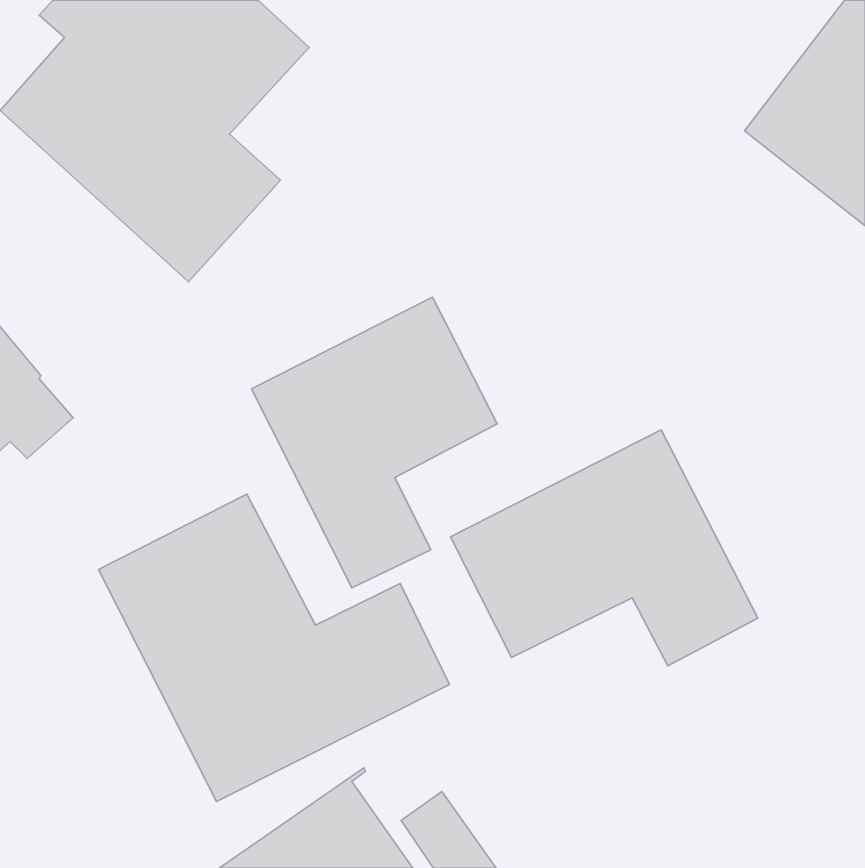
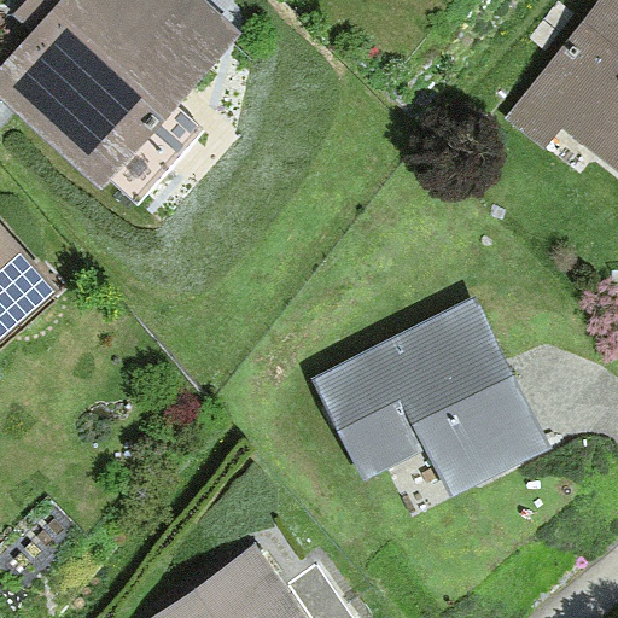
building: [252,297,497,588] -> none
building: [98,494,449,802] -> none

